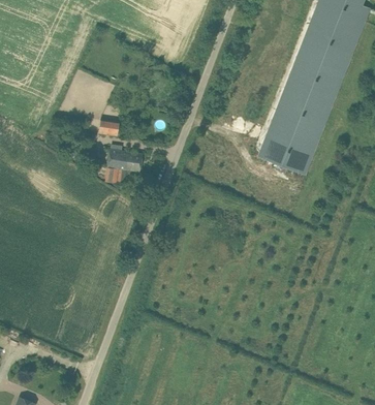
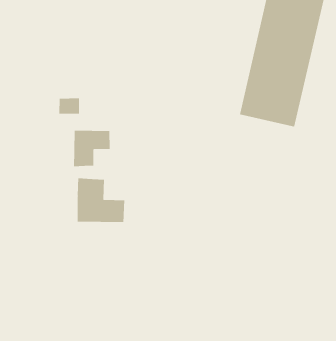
building: none -> [77,177,125,223]

